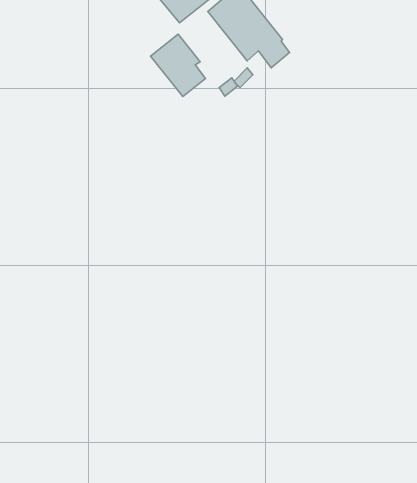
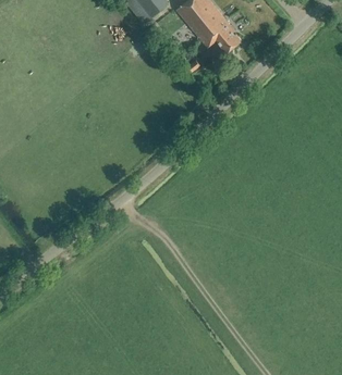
building: [150,34,206,96] -> none

